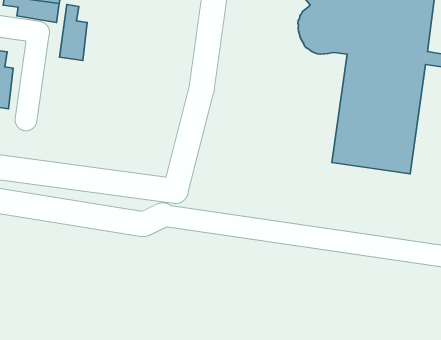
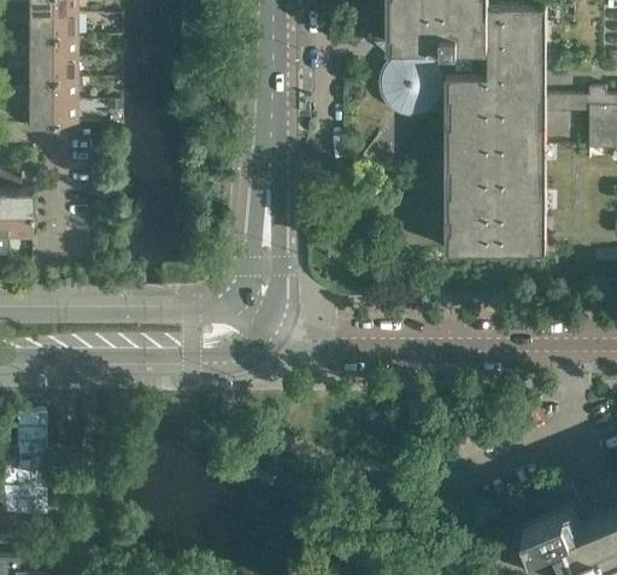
building: [59,5,87,61] -> none

